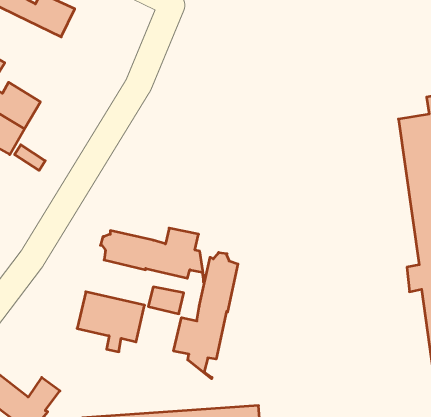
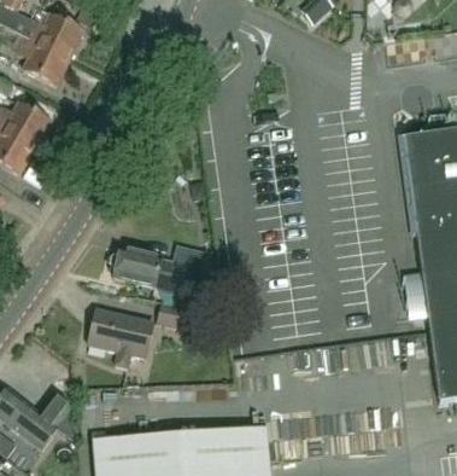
building: none -> [18,35,70,83]
building: [174,252,238,379] -> none

